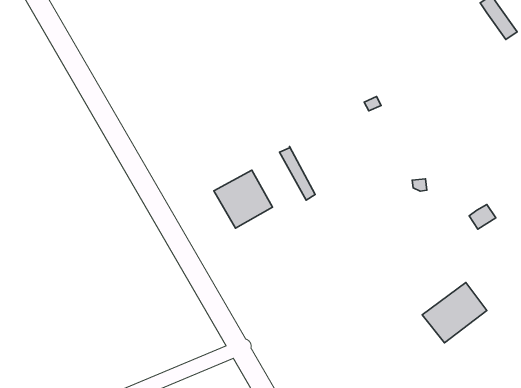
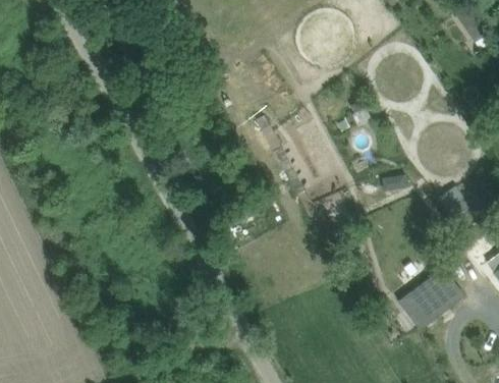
building: [214,170,273,228] -> none

